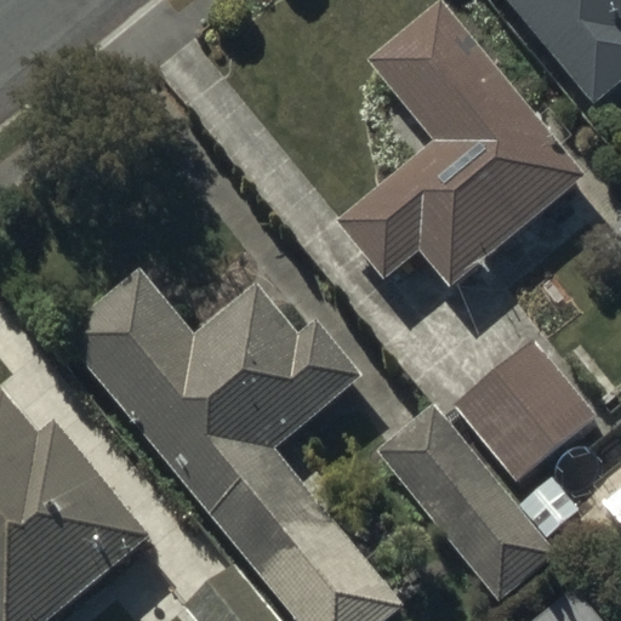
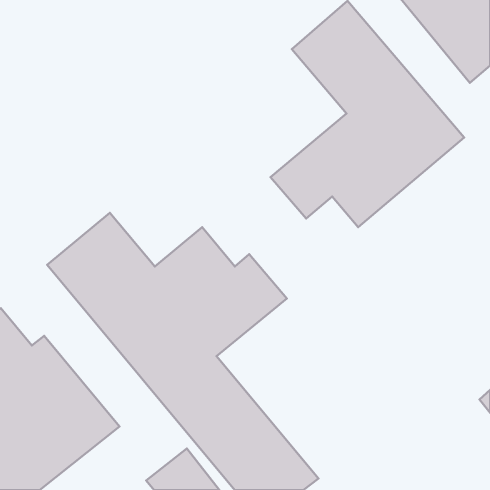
building: [454,341,597,484] -> none
building: [376,403,582,600] -> none

